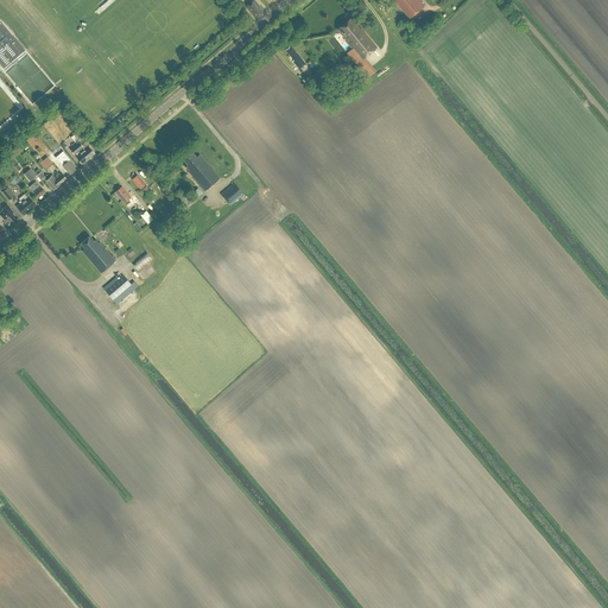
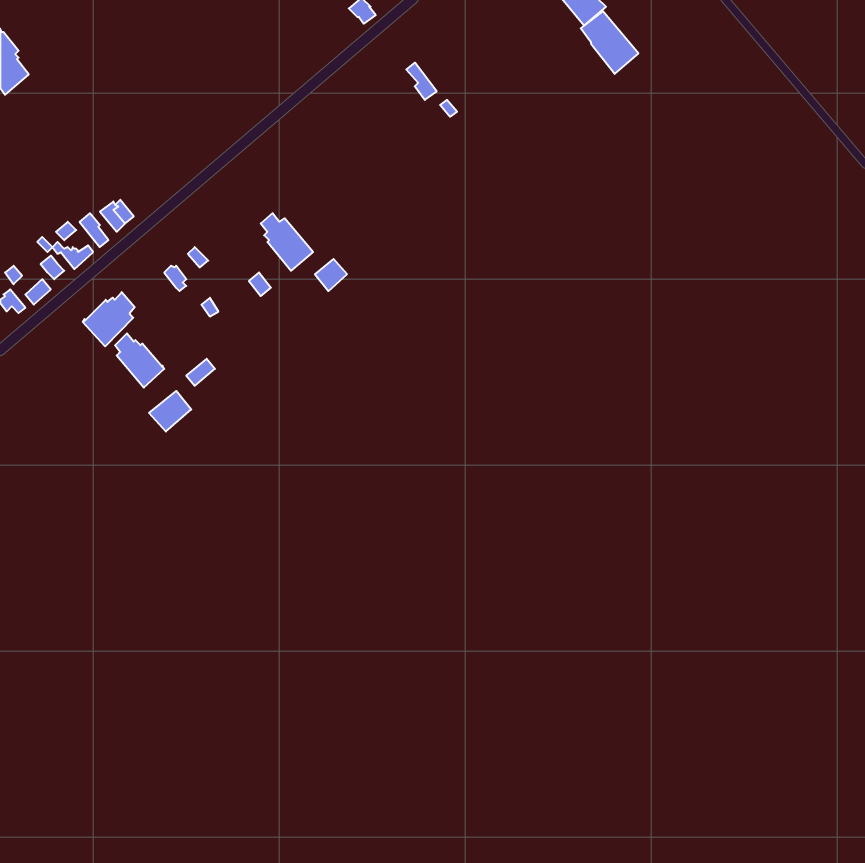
building: [337,15,378,59] -> [581,11,638,74]
building: none -> [83,292,135,346]

